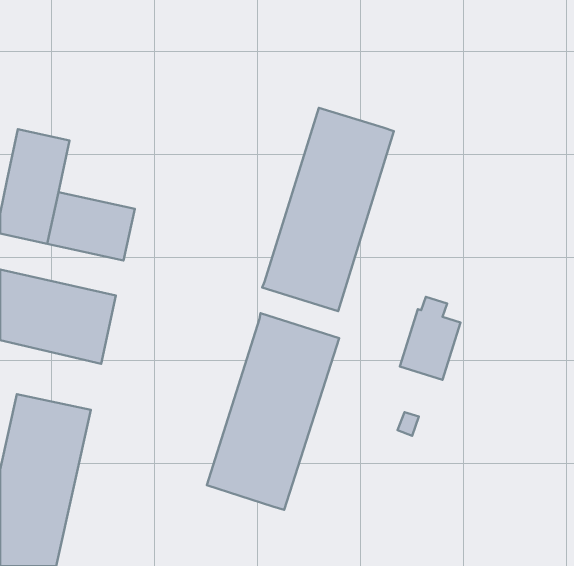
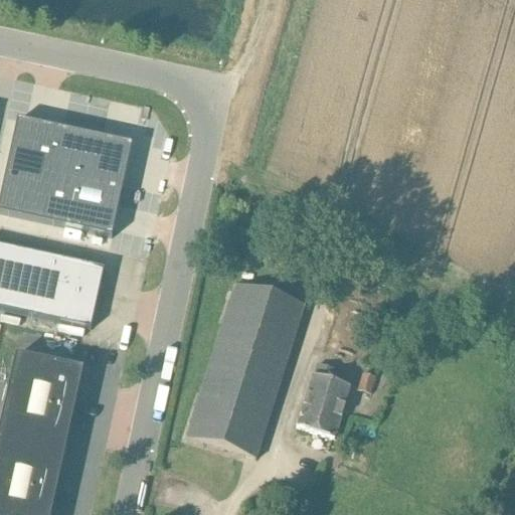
building: [262,108,394,311] -> none
building: none -> [52,126,131,187]
building: [400,297,461,380] -> [296,360,350,435]

